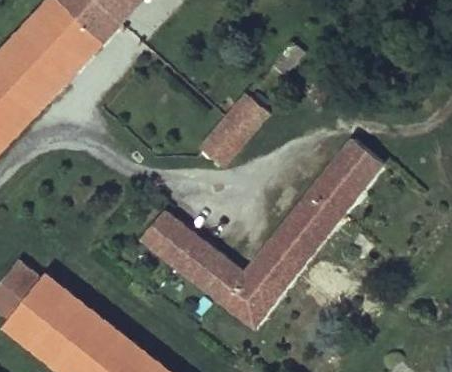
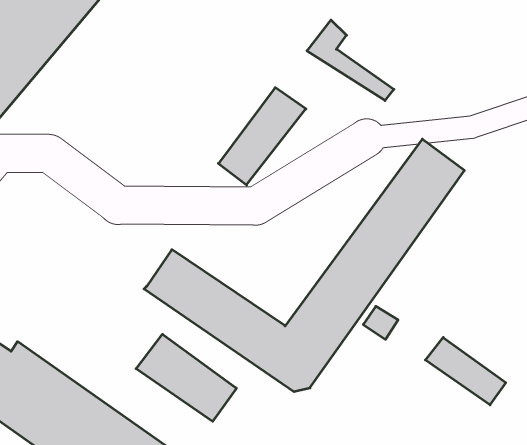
building: none -> [136,334,236,421]
building: none -> [425,337,506,405]

